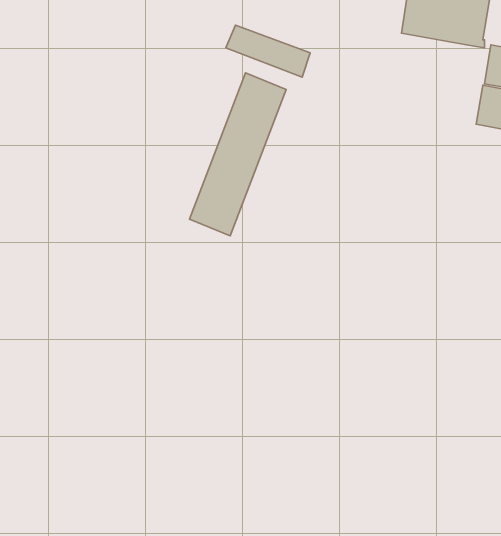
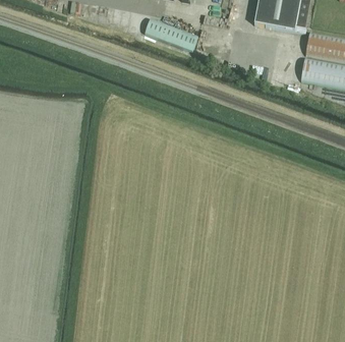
building: [189,73,286,236] -> none

